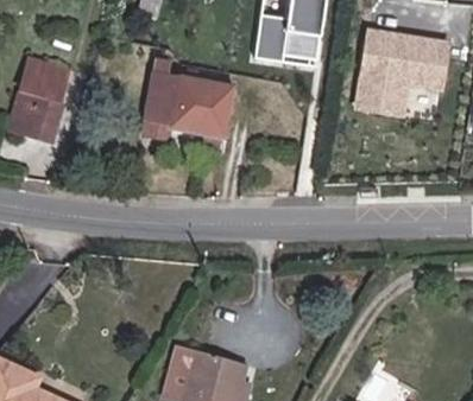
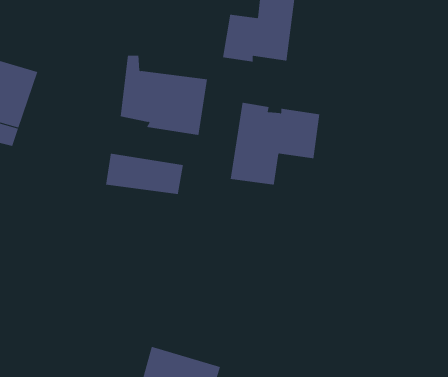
building: [357,33,446,115] -> [230,102,320,185]
building: none -> [105,153,183,195]

